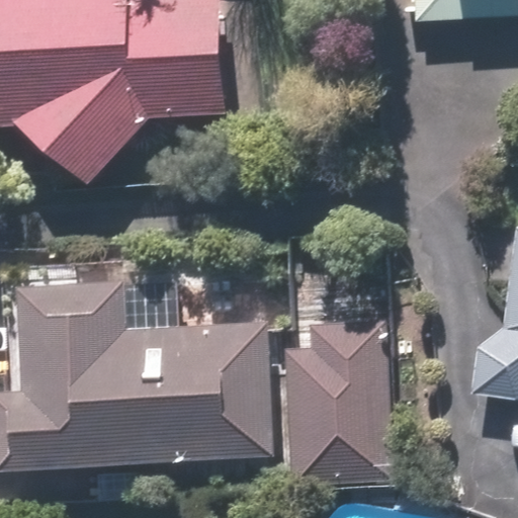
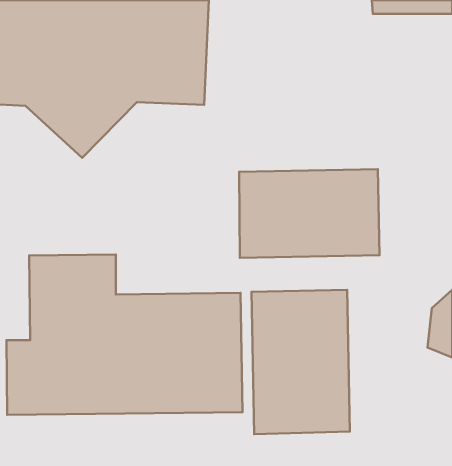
building: none -> [239,169,379,258]

